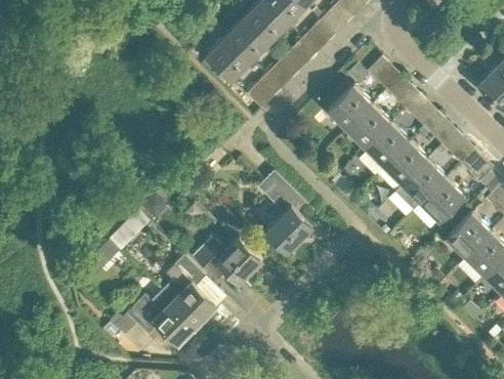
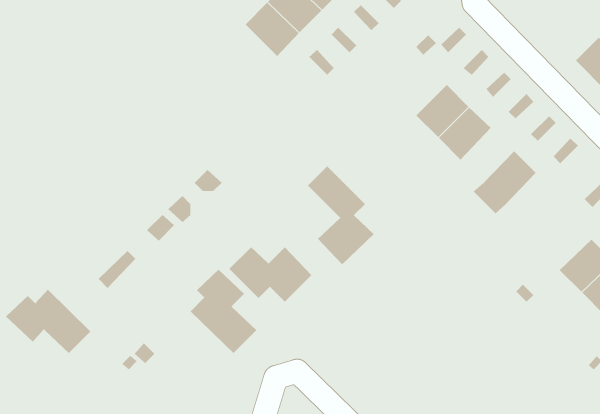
building: [327,86,372,131] -> none
building: [383,141,427,186] -> none
building: [420,178,465,223] -> none
building: [446,214,491,258] -> none
building: [126,292,197,345] -> [5,289,91,354]

